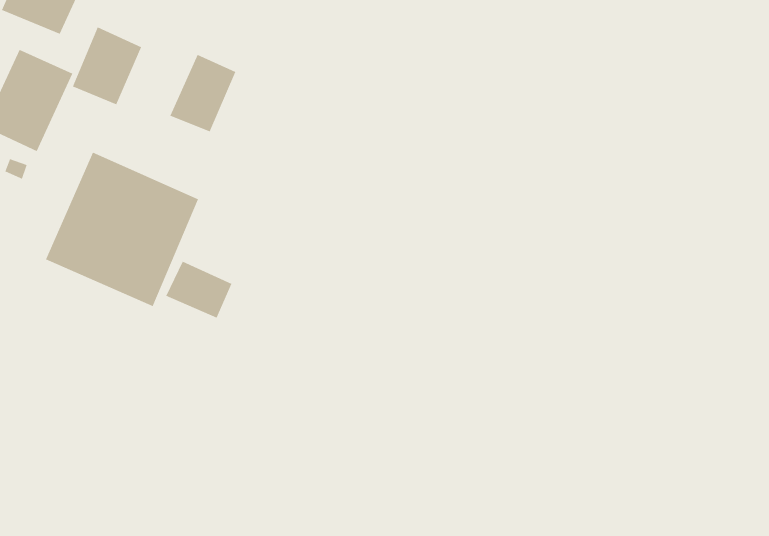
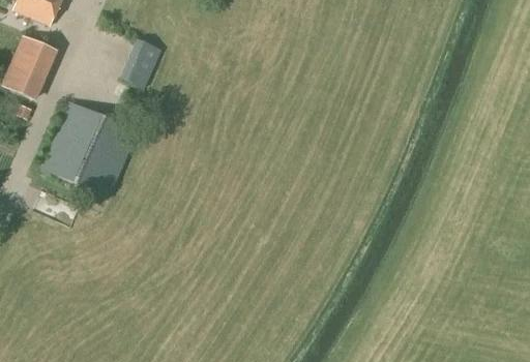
building: [72,26,142,105] -> none
building: [165,261,232,319] -> none

